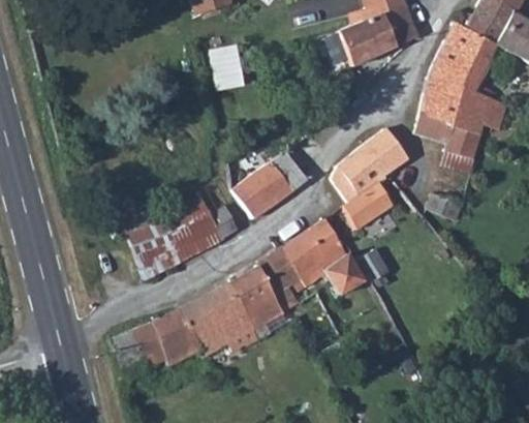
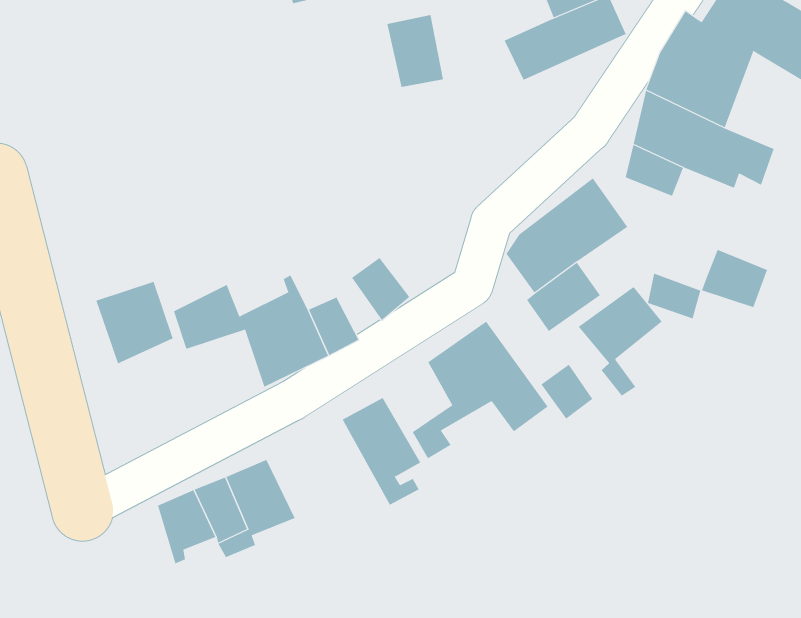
building: [211,38,248,86] -> [387,14,444,88]
building: [441,120,485,158] -> [701,249,768,308]
building: [250,151,302,204] -> none
building: none -> [578,286,662,396]
building: [128,225,179,279] -> [95,281,173,364]
building: [255,246,301,311] -> none
building: [181,283,260,357] -> none

